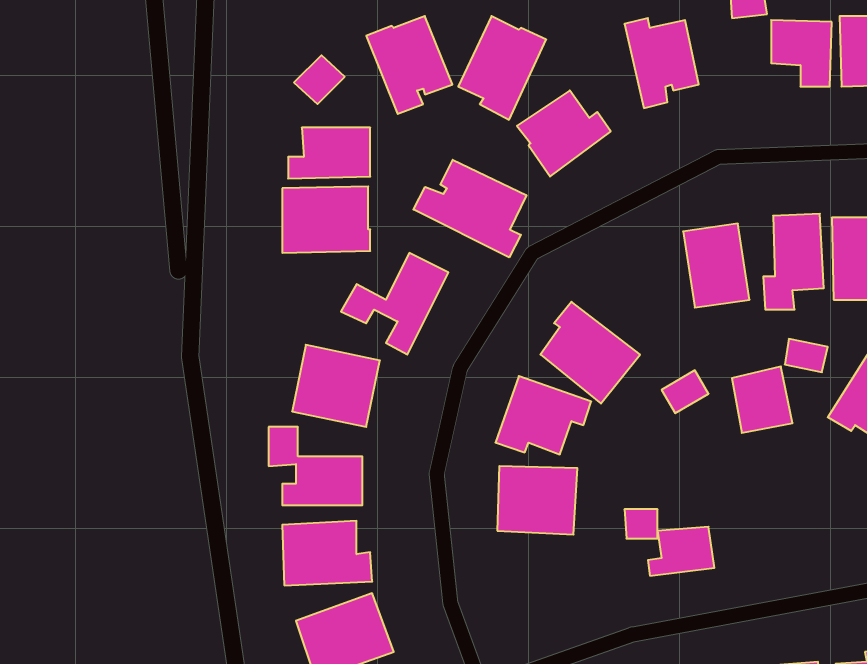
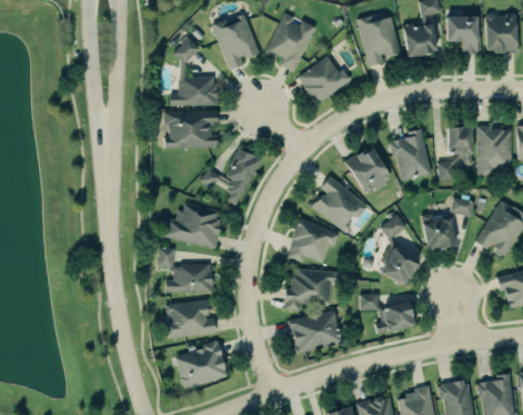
building: none -> [402,23,434,55]
building: [413,160,526,257] -> none
building: none -> [344,146,392,197]
building: none -> [378,244,419,284]
building: none -> [288,309,342,353]

